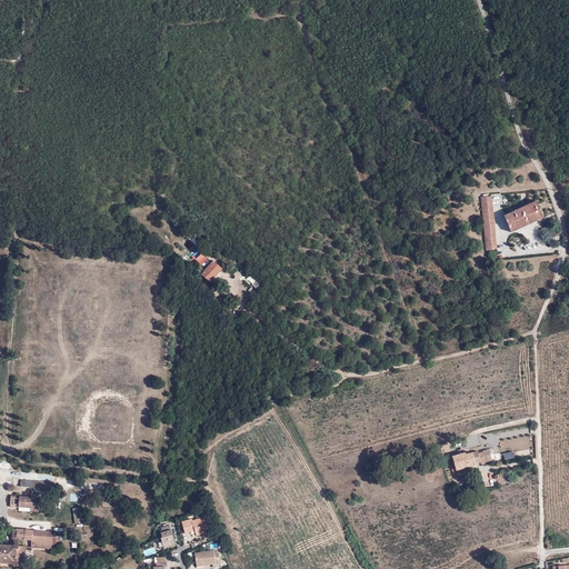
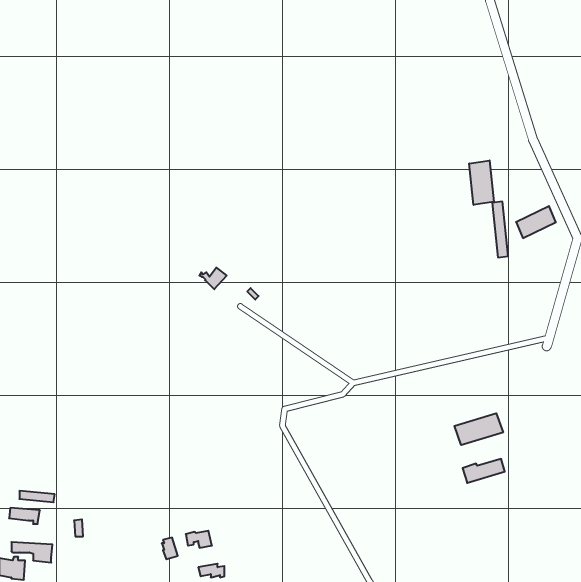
building: none -> [469,160,494,205]
building: none -> [454,413,503,445]

